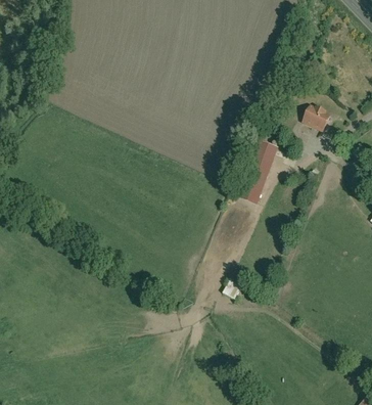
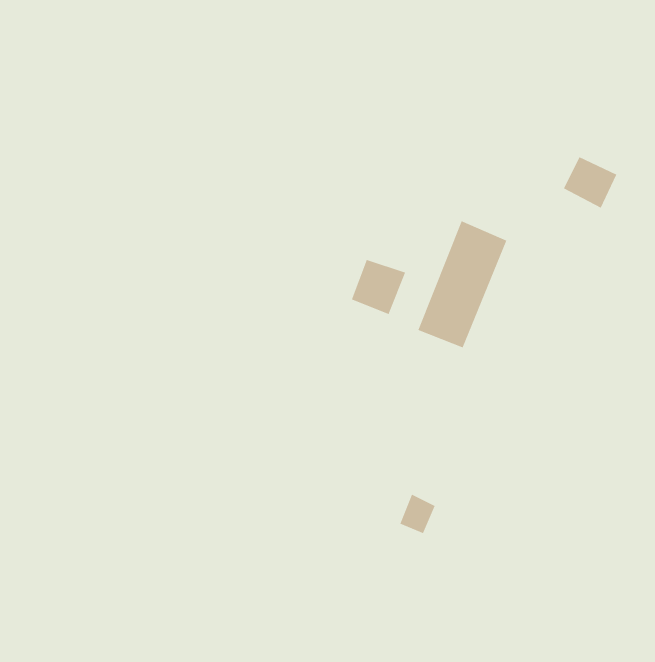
building: none -> [351,259,406,315]

